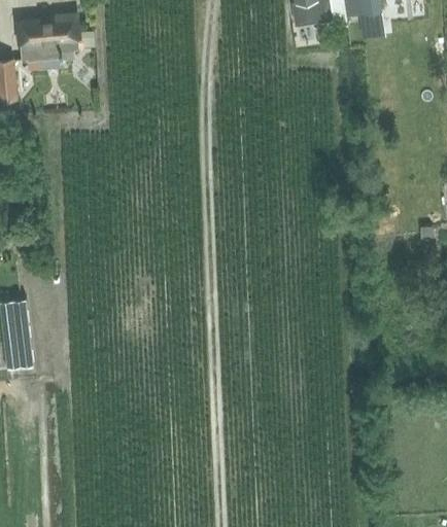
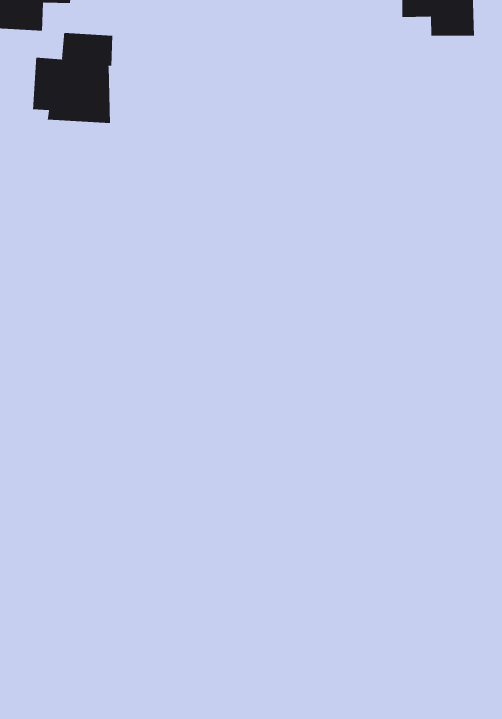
building: none -> [33,32,113,124]

